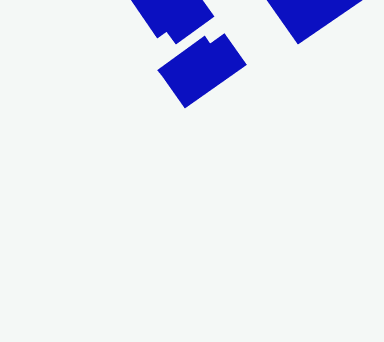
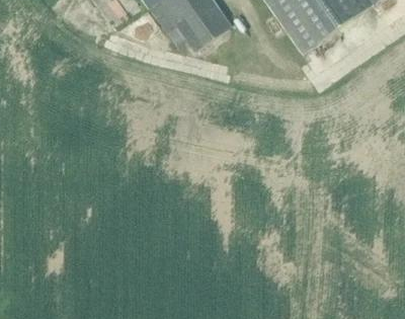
building: [156,32,248,110] -> none

